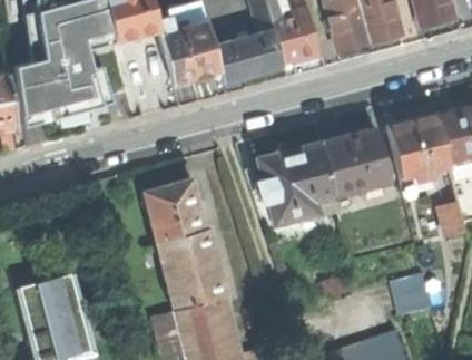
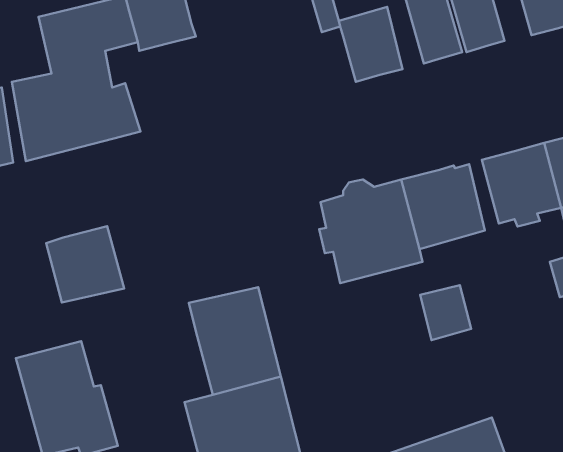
building: [156,17,222,85] -> none
building: [232,30,285,78] -> none
building: [141,179,203,240] -> [46,226,124,303]
building: [390,272,430,315] -> [420,285,471,340]

